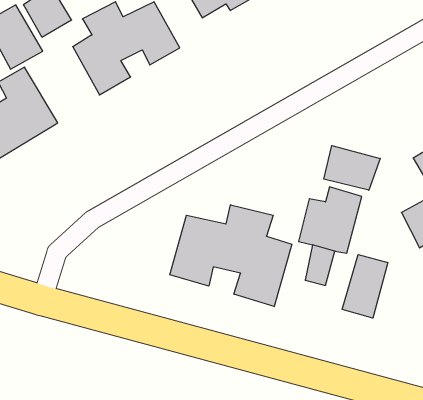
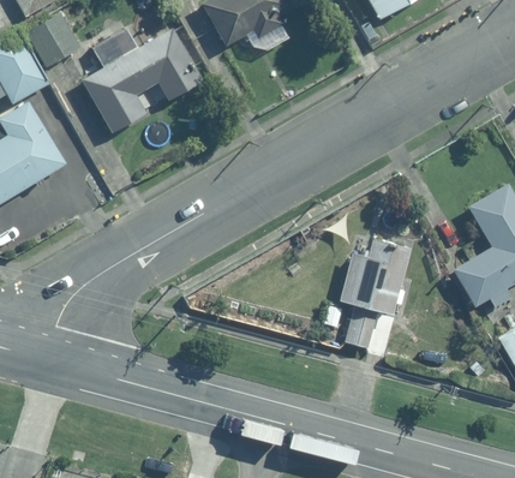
building: [324,146,380,190] -> none
building: [170,205,292,307] -> none
building: [342,255,388,318] -> none

